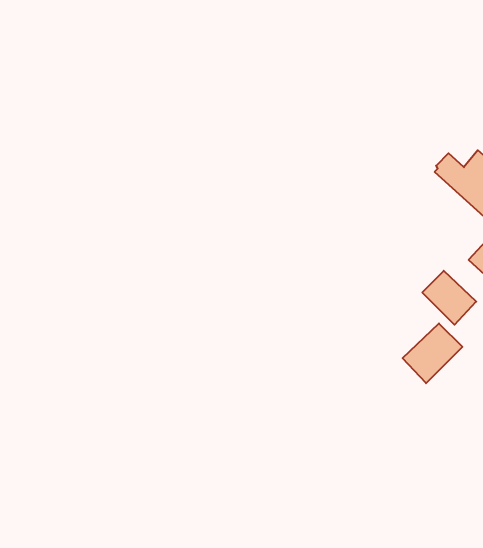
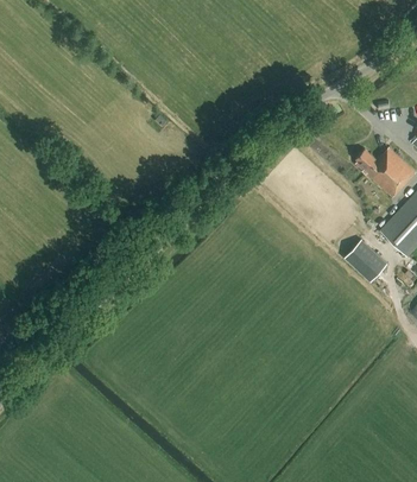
building: [403,323,462,383] -> none

